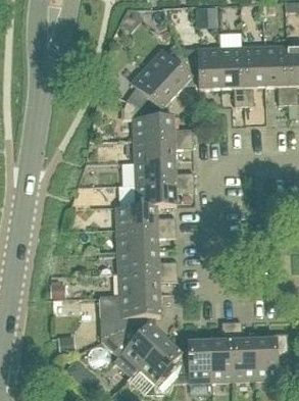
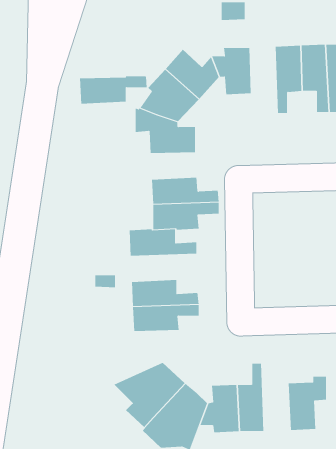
building: [220,46,244,105] -> none
building: [134,133,193,161] -> [79,71,148,104]
building: [116,225,176,250] -> none
building: [99,292,159,339] -> none
building: [231,319,255,380] -> none

